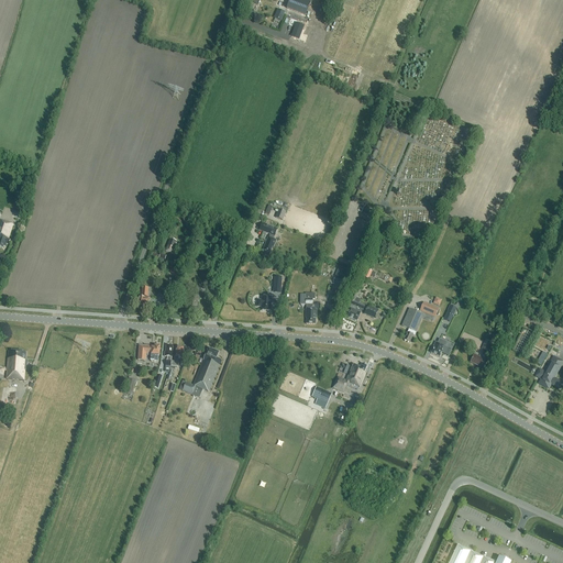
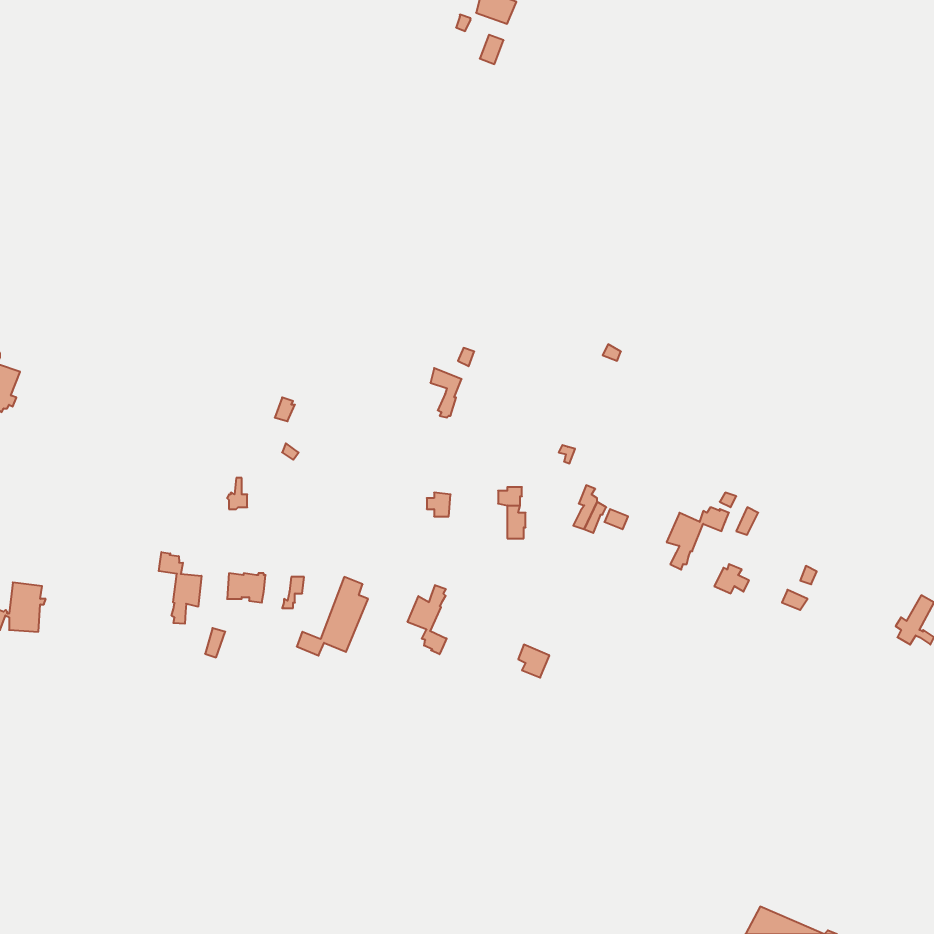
building: none -> [159,552,201,624]
building: none -> [408,585,447,654]
building: [331,363,366,393] -> none

